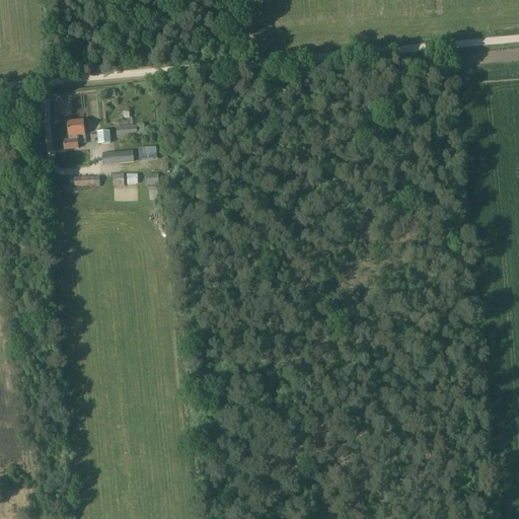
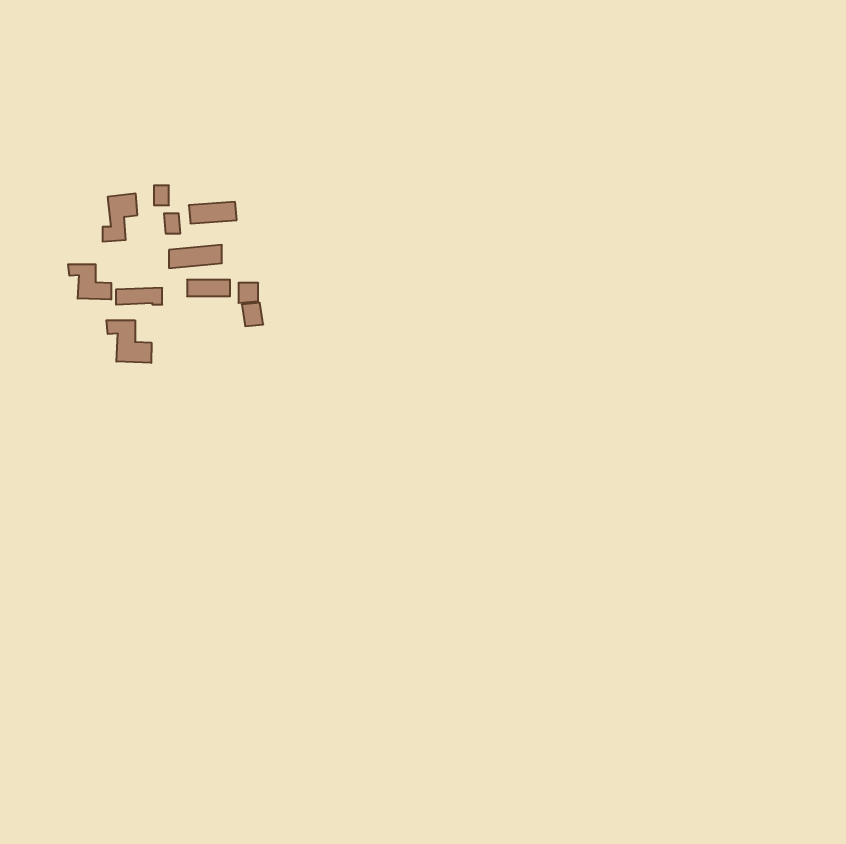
building: none -> [68,264,111,300]
building: none -> [106,320,151,363]

